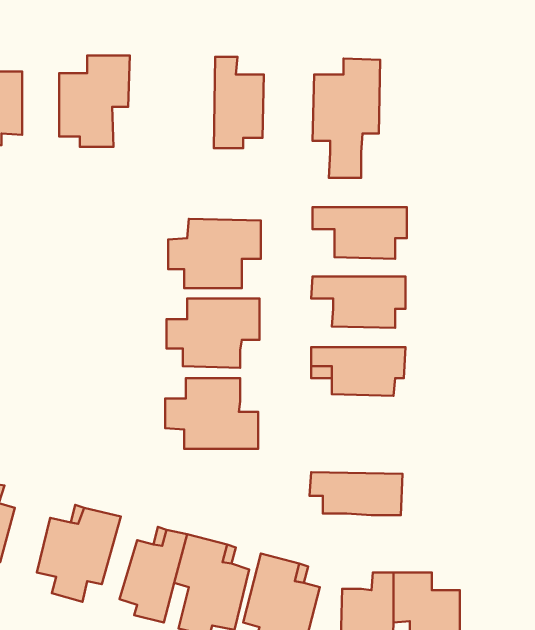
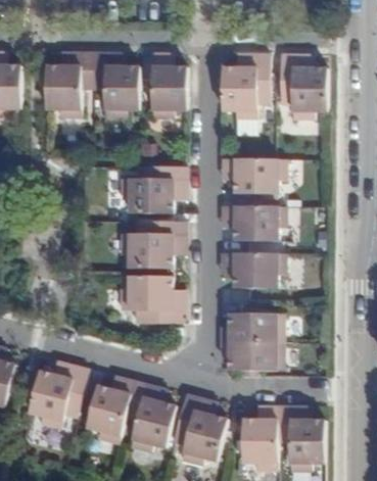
building: none -> [94,51,141,115]
building: none -> [280,54,326,119]
building: none -> [221,310,285,341]

